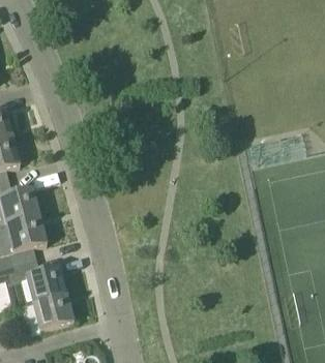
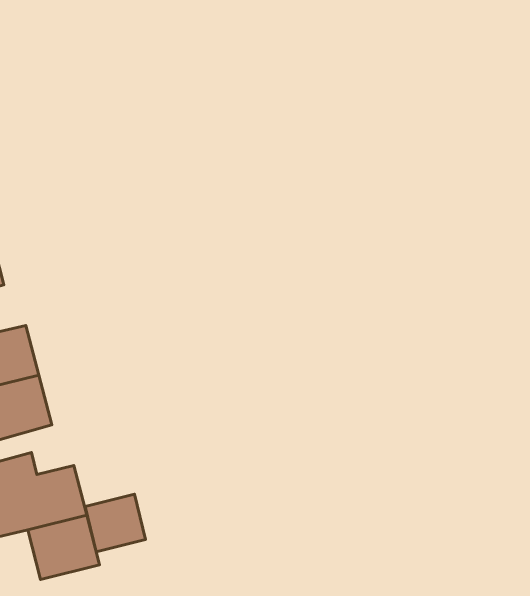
building: none -> [85,494,145,552]

